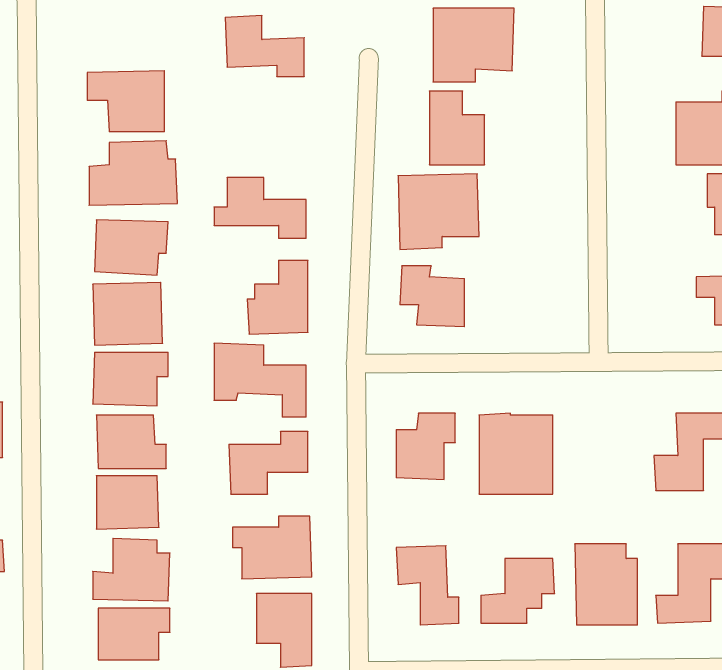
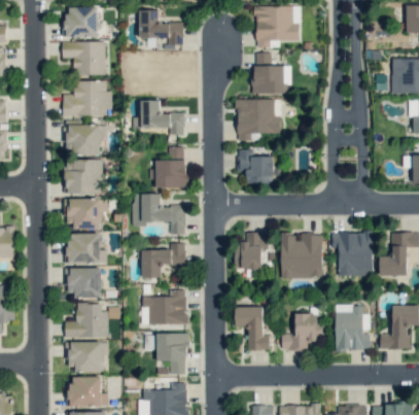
building: none -> [66,7,98,38]
building: none -> [331,232,373,276]

